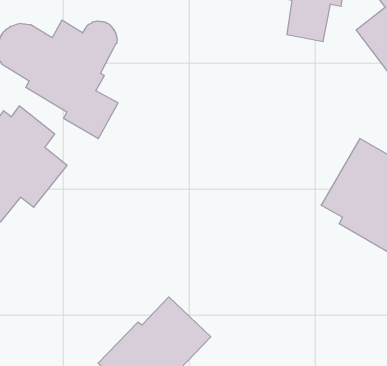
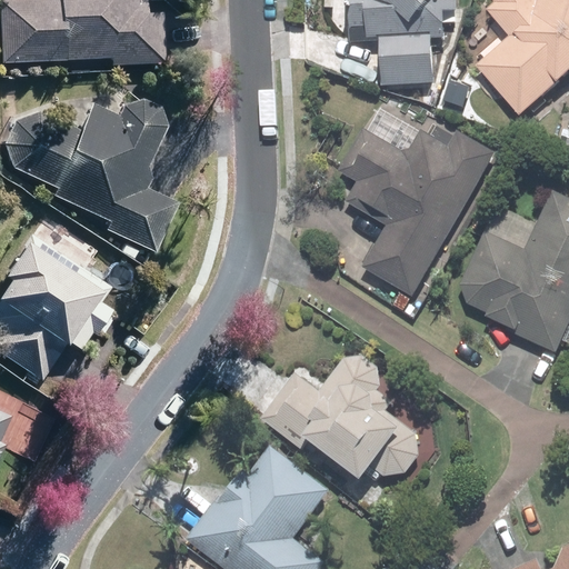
building: none -> [345,132,493,298]
building: none -> [228,355,418,482]

